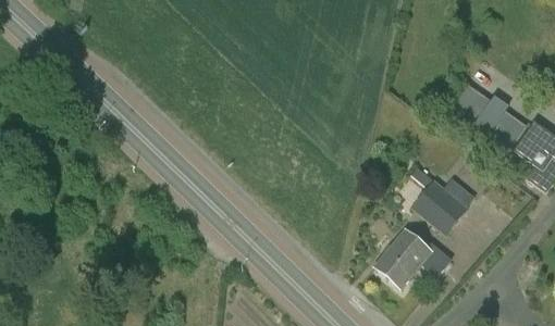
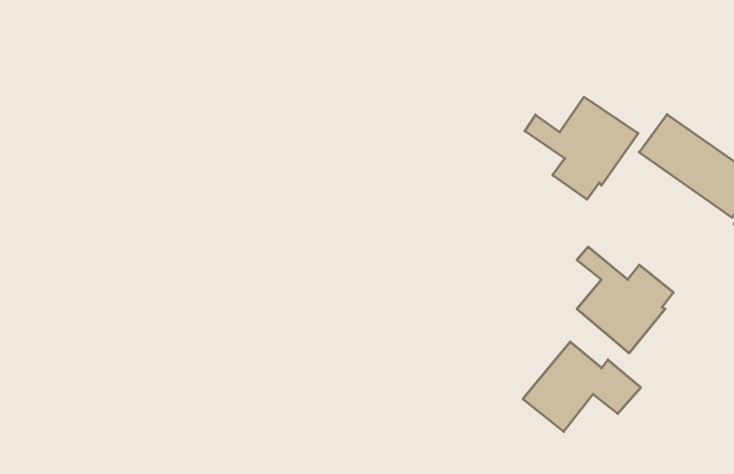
building: none -> [525,97,638,199]

